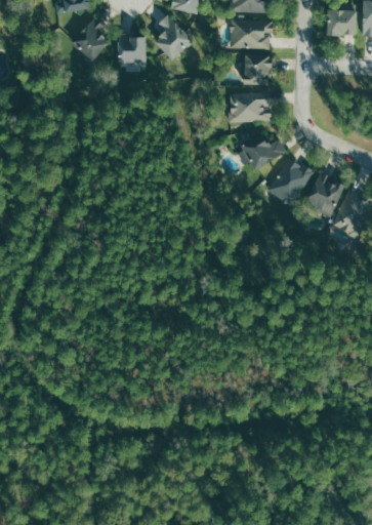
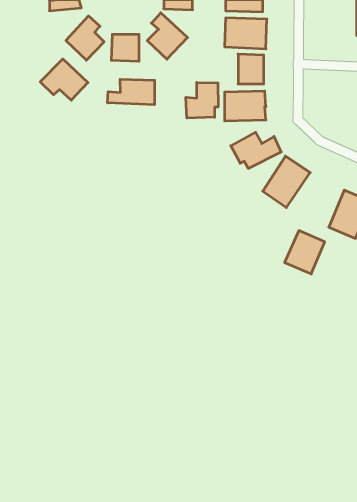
building: [325,10,356,36] -> none
building: none -> [40,59,88,100]
building: none -> [108,79,155,105]
building: none -> [186,82,218,118]
building: [305,173,345,216] -> [285,231,325,274]

